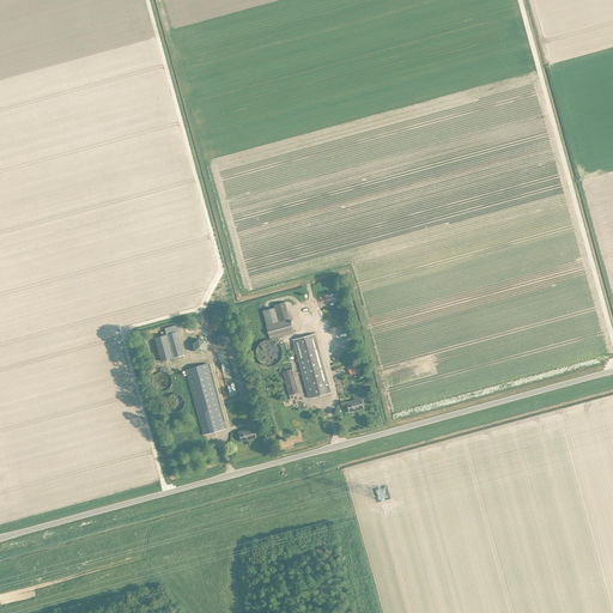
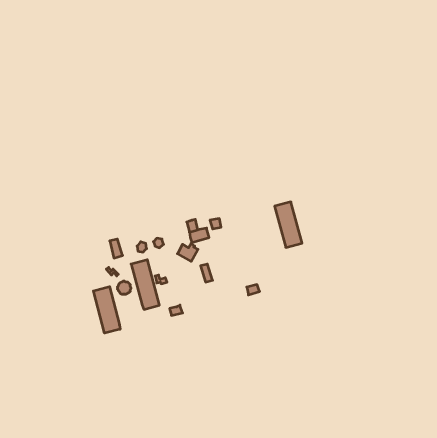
building: [292,334,330,397] -> [275,202,302,247]
building: none -> [93,287,120,333]

